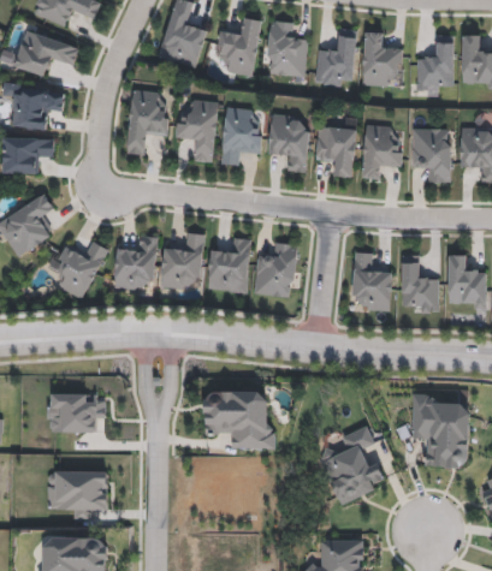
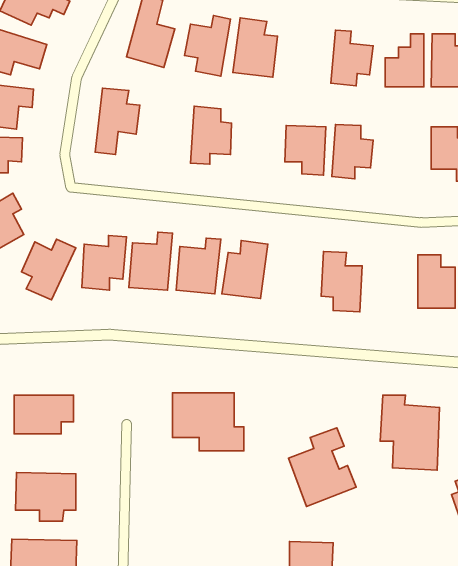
building: [313,26,357,87] -> none
building: [177,99,219,162] -> none
building: [268,113,309,172] -> none
building: [411,129,451,182] -> none
building: [401,255,439,311] -> none

